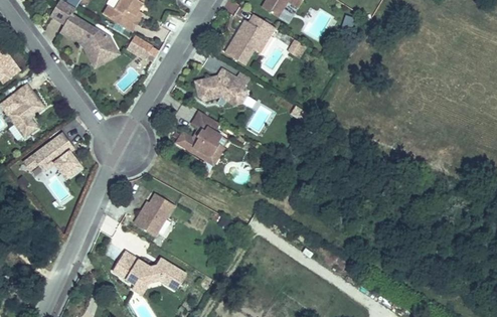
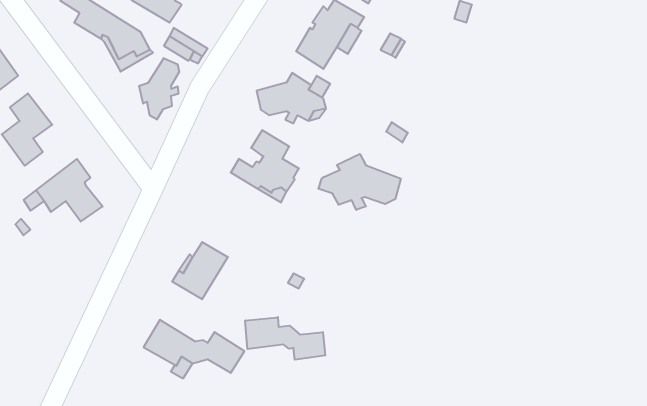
building: none -> [139,58,179,120]
building: none -> [318,154,401,210]
building: none -> [245,317,325,360]

